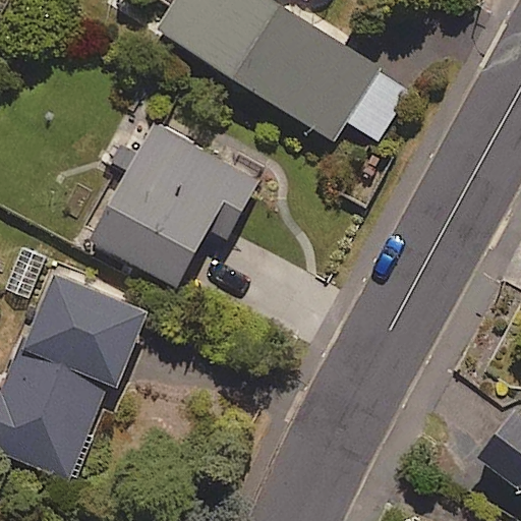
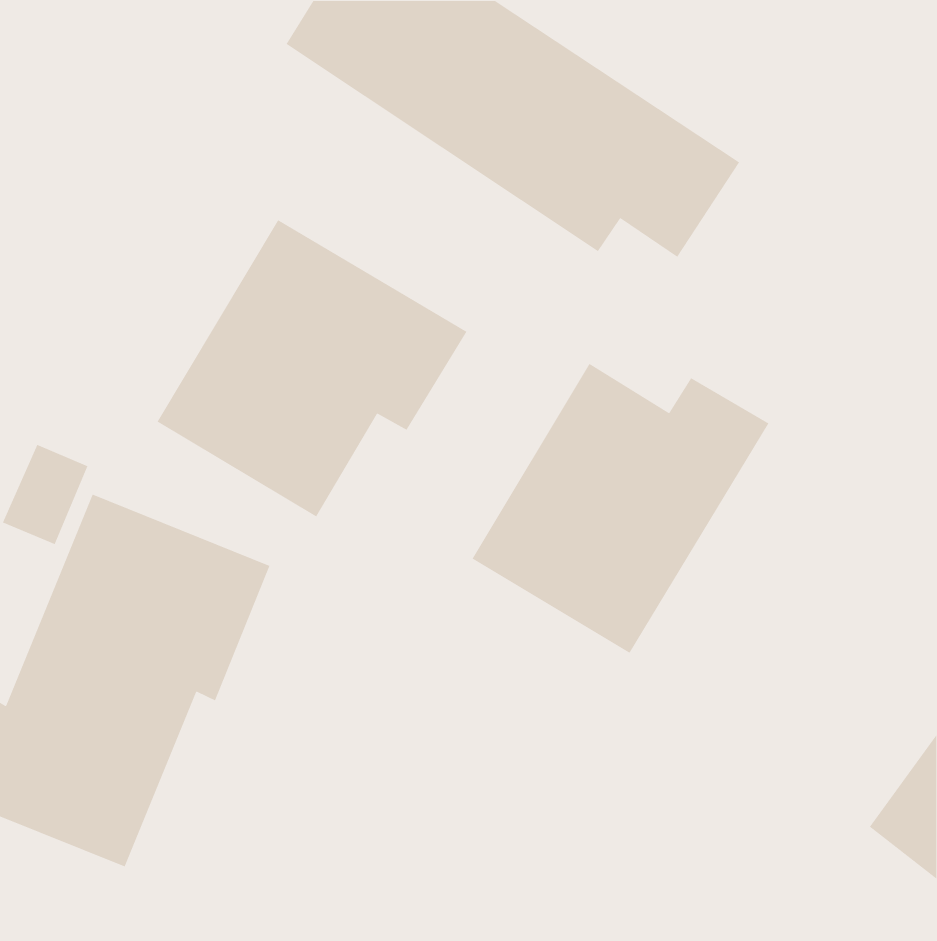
building: none -> [471,363,770,654]

